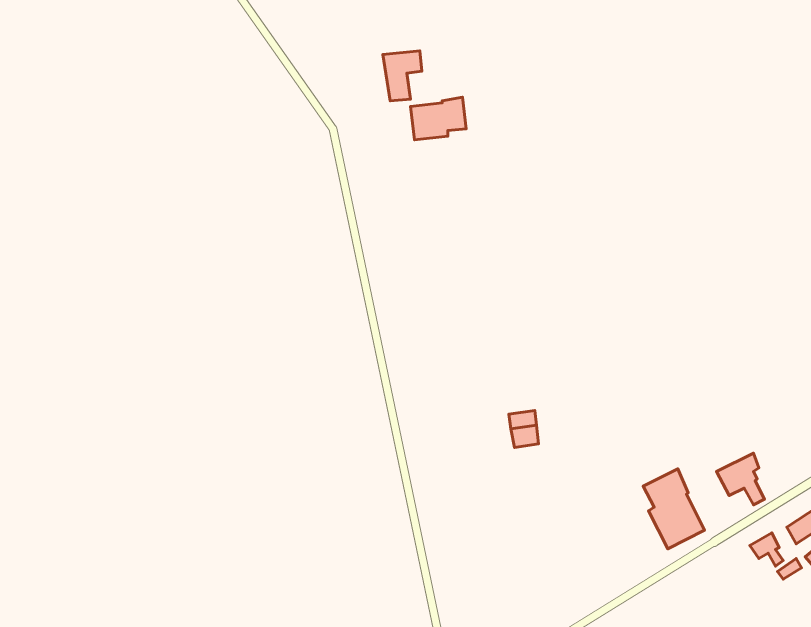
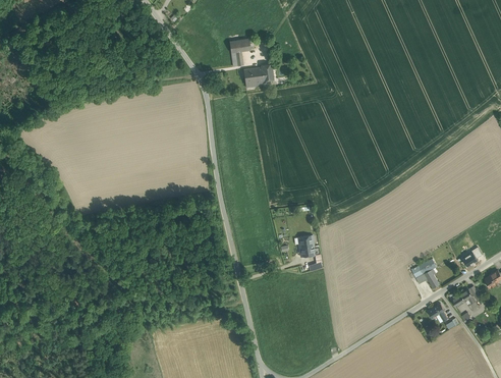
building: [643,469,704,549] -> none

